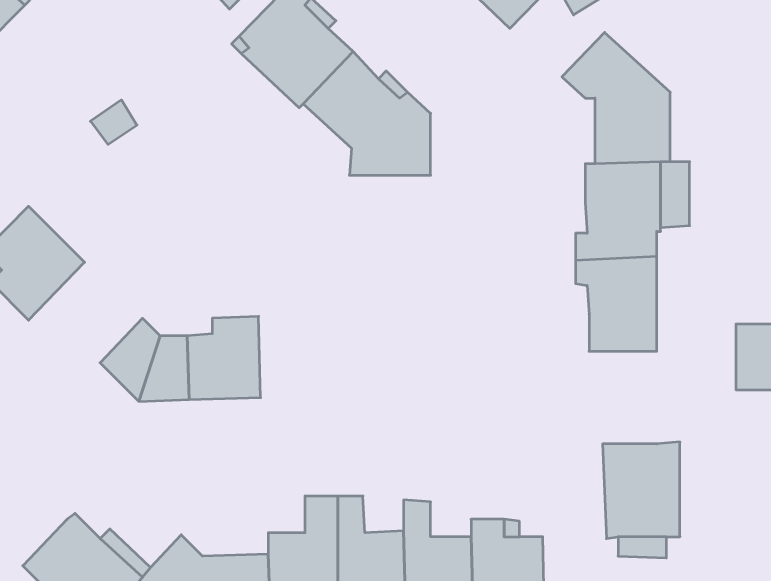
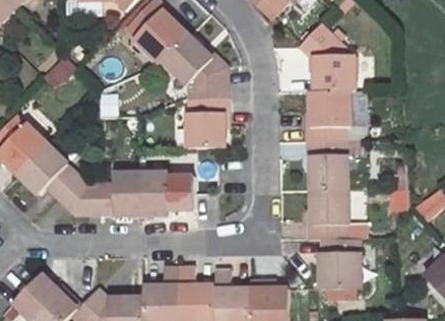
building: none -> [185,99,228,147]
building: none -> [16,144,76,197]
building: none -> [137,173,180,215]
building: none -> [305,191,346,240]

